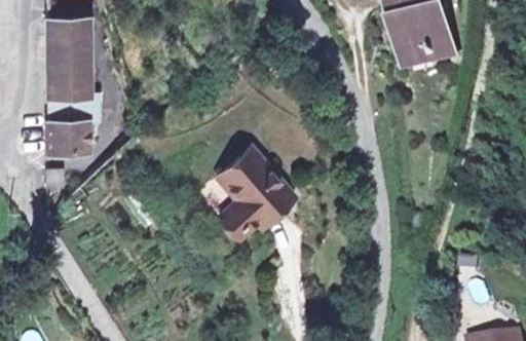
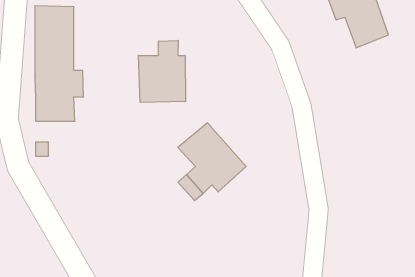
building: [400,22,465,71] -> none
building: none -> [138,40,186,102]

